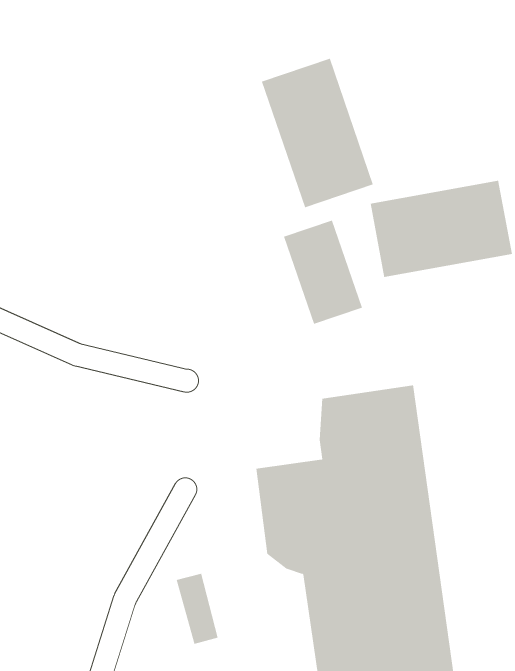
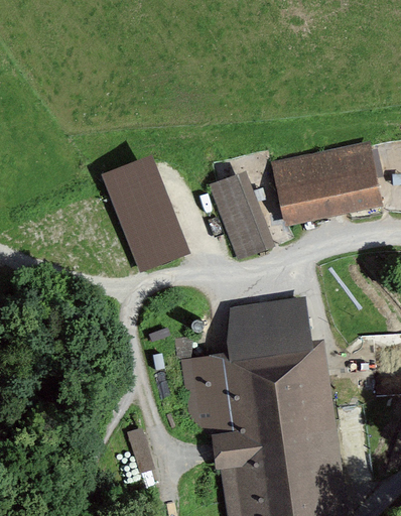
building: [261,58,374,208] -> none
building: none -> [103,157,182,265]

